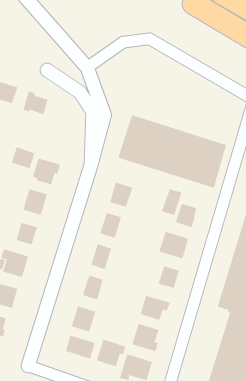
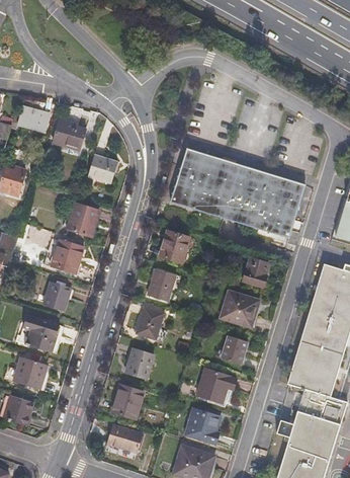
building: [11,147,35,169] -> [88,156,117,183]
building: [161,188,182,216] -> none
building: [96,339,126,367] -> none

